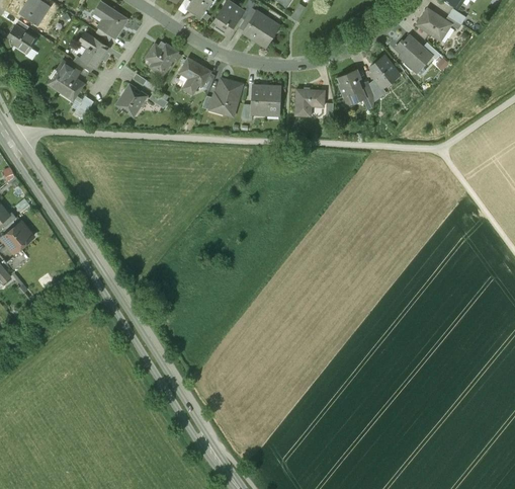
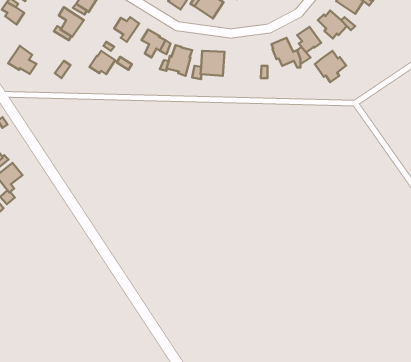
building: [48,62,82,96] -> [8,46,36,74]
building: none -> [315,51,346,82]
building: [294,89,325,116] -> none

